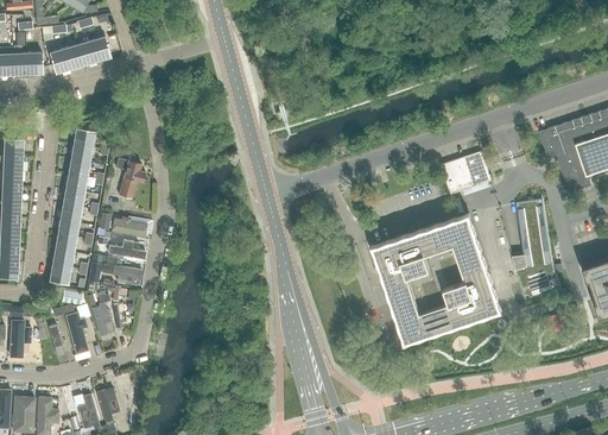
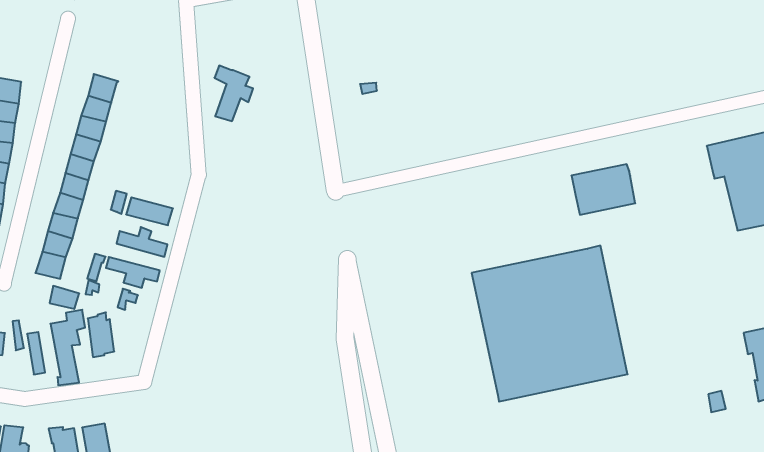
building: [115,158,145,198] -> [214,66,253,121]
building: [511,200,559,300] -> none

